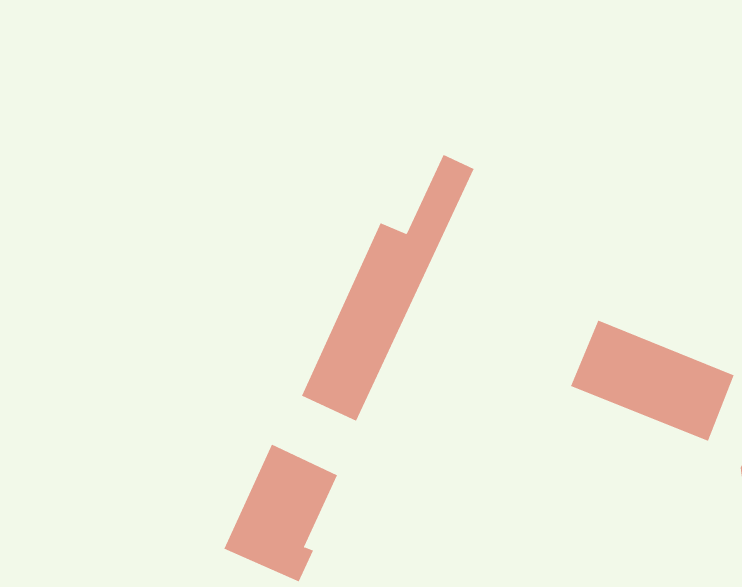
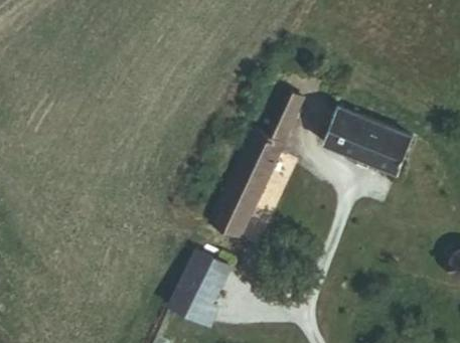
building: [570,320,734,442] -> [325,109,415,175]

